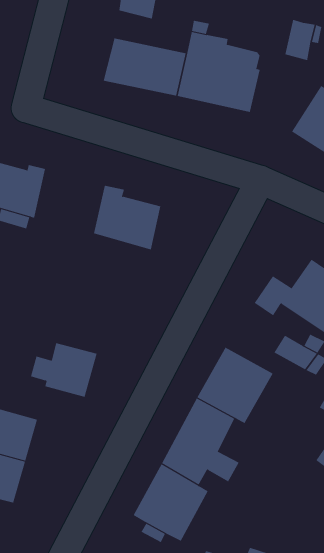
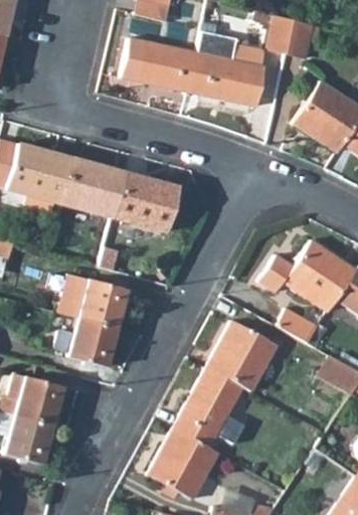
building: none -> [263,13,296,53]
building: none -> [60,158,123,217]
building: none -> [60,274,127,327]

